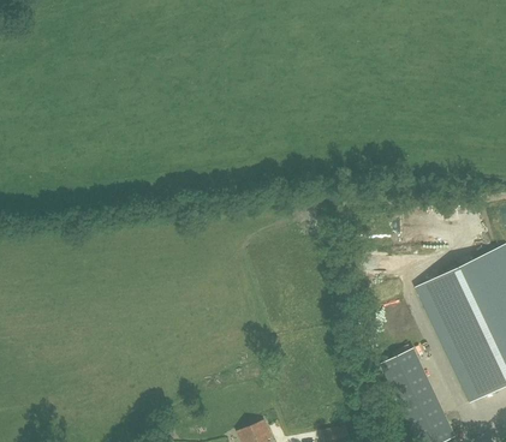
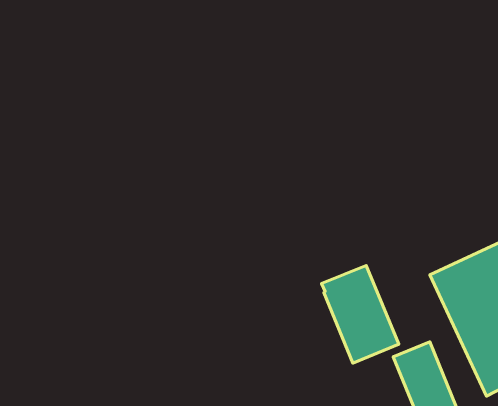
building: none -> [321,266,399,363]

